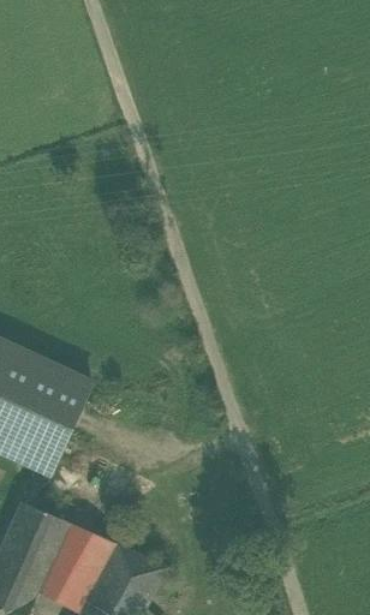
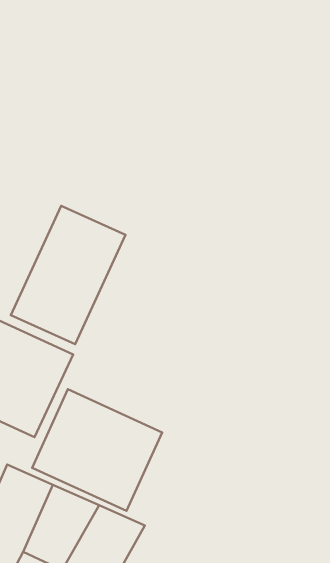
building: none -> [11,206,125,344]
building: none -> [32,389,162,511]

